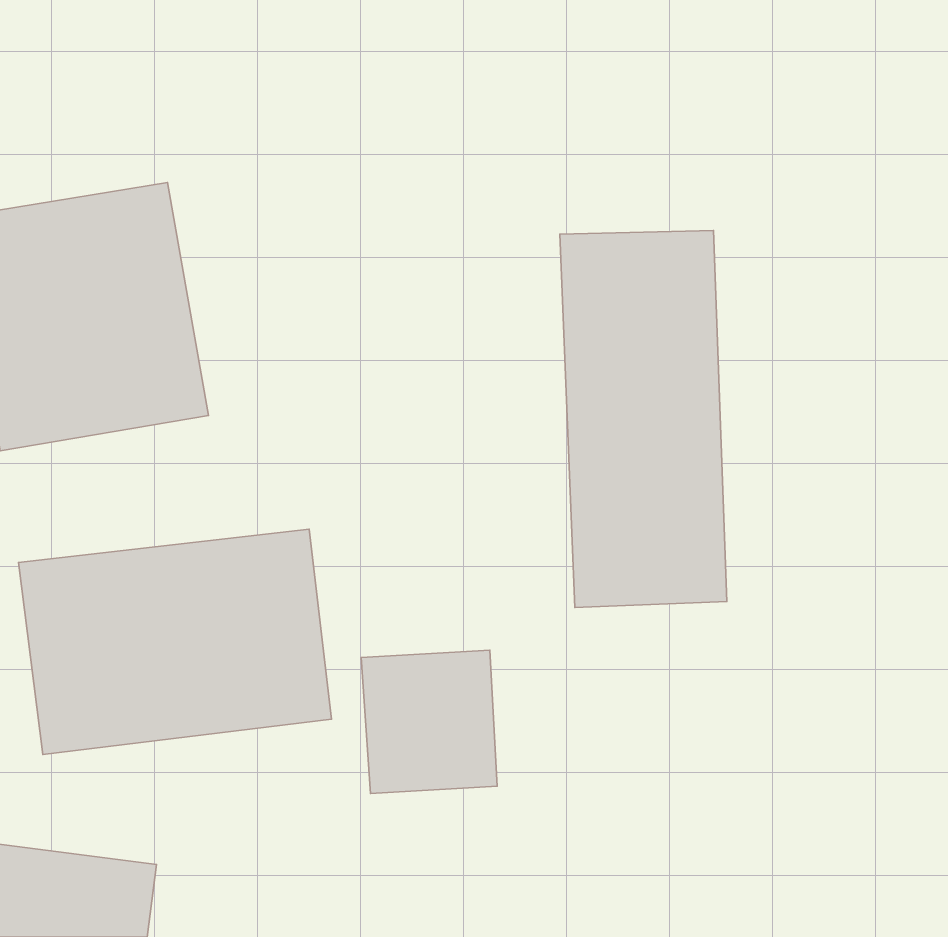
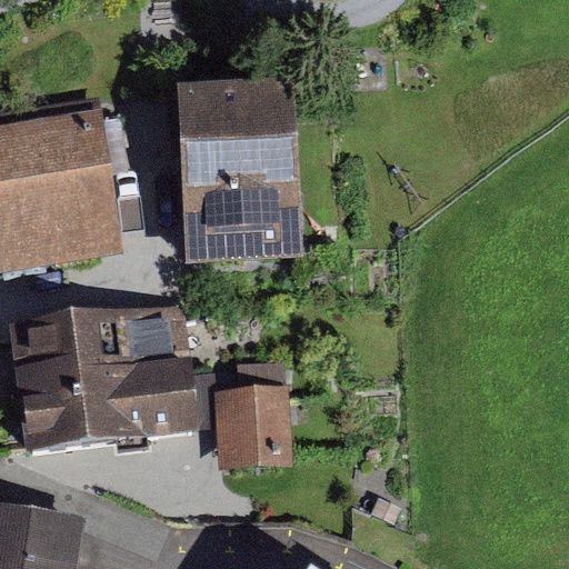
building: none -> [178,79,300,260]
building: [560,230,727,607] -> none

